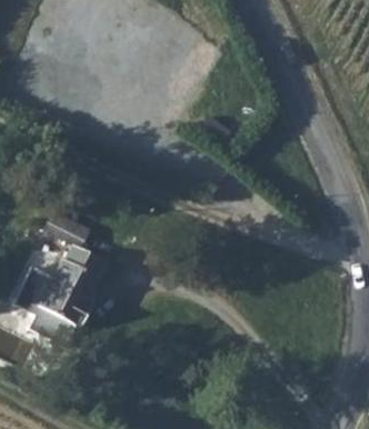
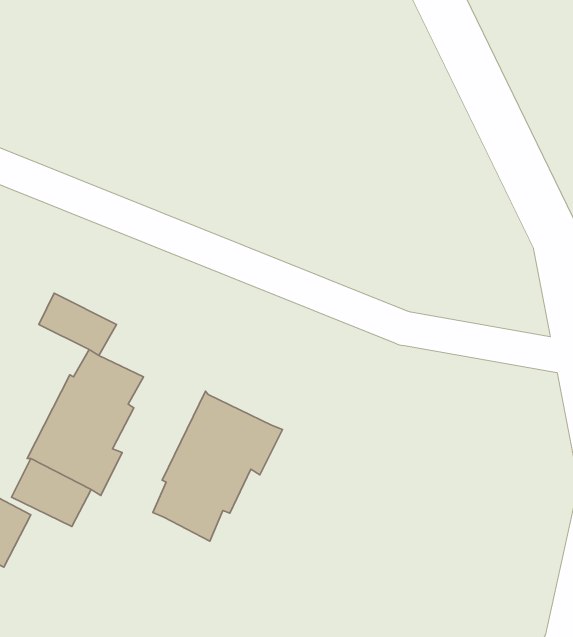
building: none -> [153,391,283,541]

